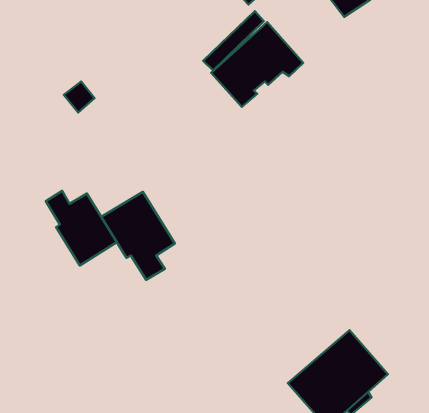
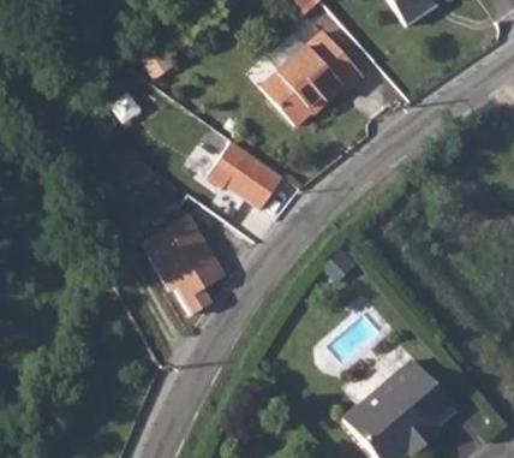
building: none -> [208,137,281,206]
building: [46,191,117,266] -> none

